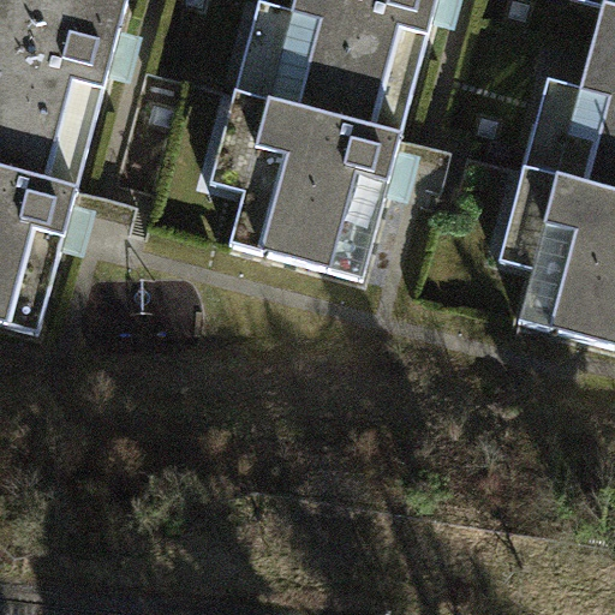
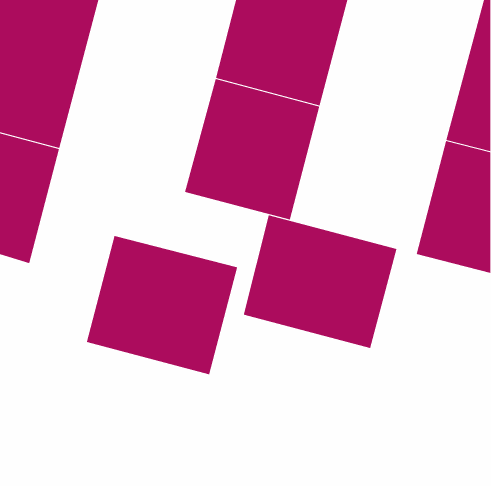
building: none -> [243,215,397,349]
building: none -> [86,235,238,375]

